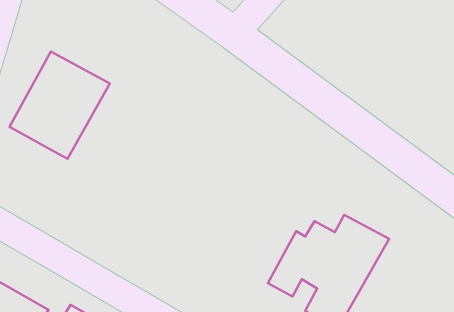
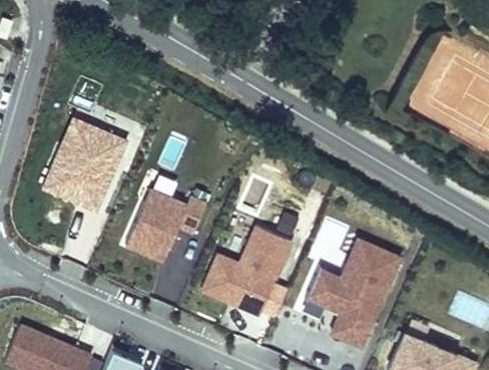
building: none -> [126,190,206,262]
building: none -> [202,226,293,315]

